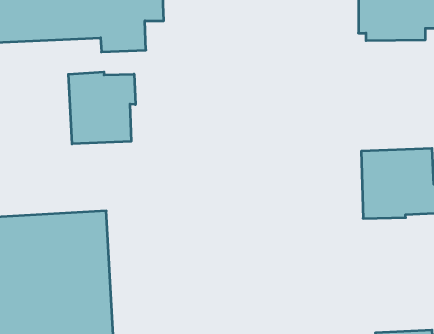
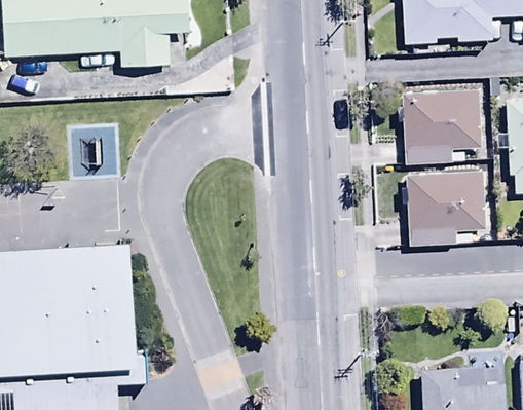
building: [68,72,135,144] -> none
building: none -> [403,91,481,163]

